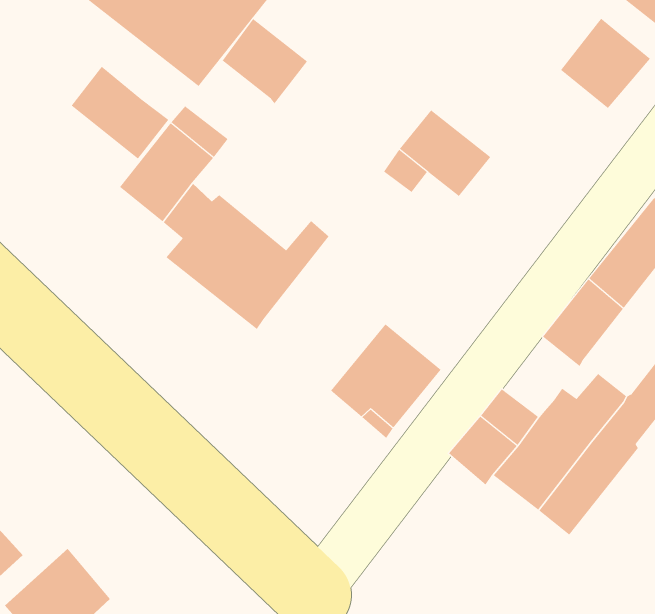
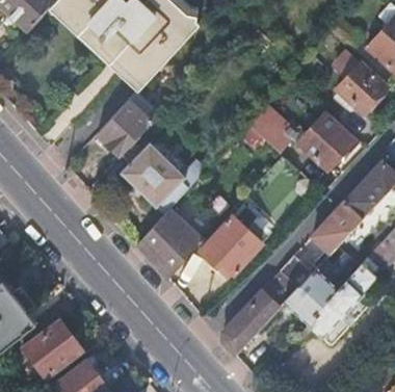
building: [222,18,308,104] -> none
building: [71,66,169,160] -> none
building: none -> [301,113,357,169]
building: none -> [137,210,204,280]
building: none -> [222,289,281,357]

